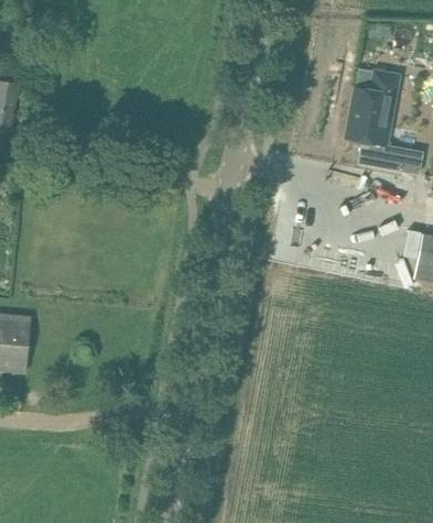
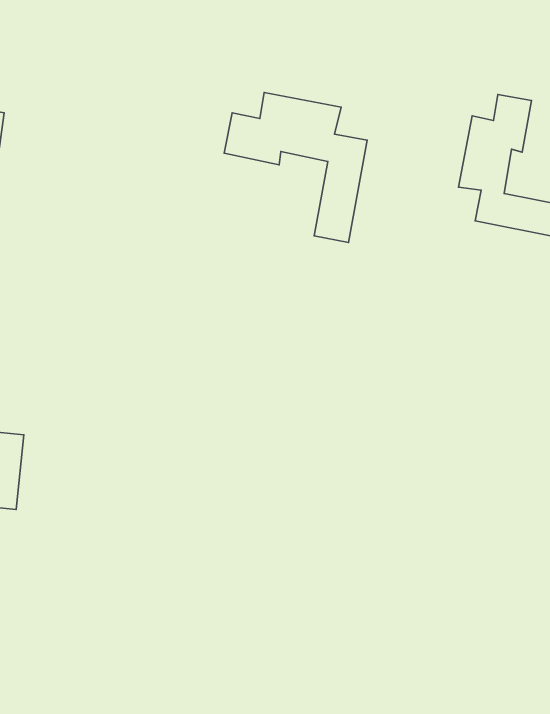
building: none -> [224,92,367,242]

